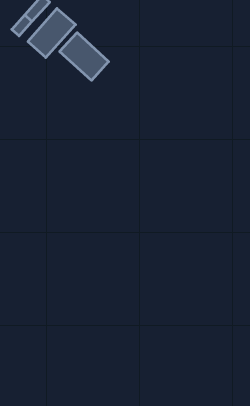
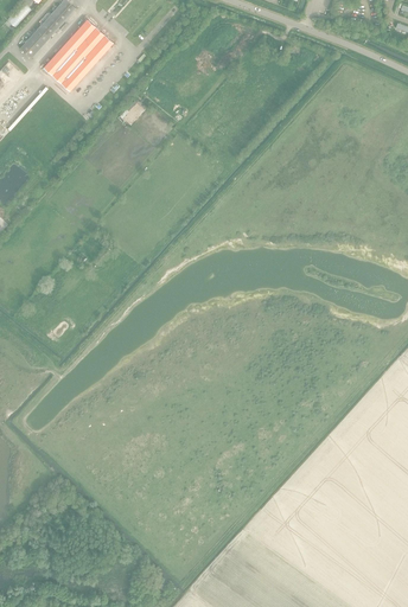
building: [60,33,109,80] -> none

